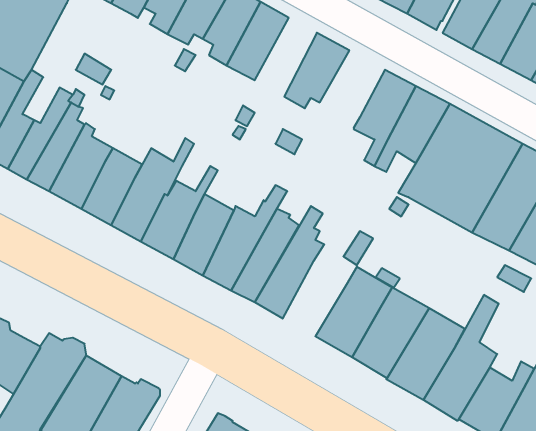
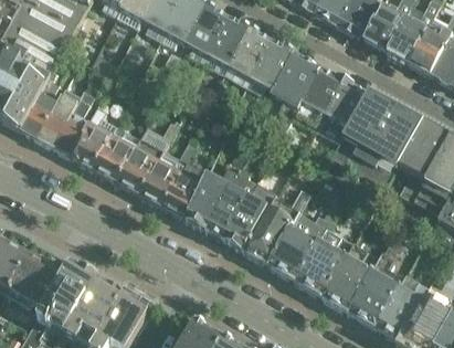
building: none -> [224,28,271,86]
building: none -> [265,52,321,145]
building: none -> [245,209,294,265]

